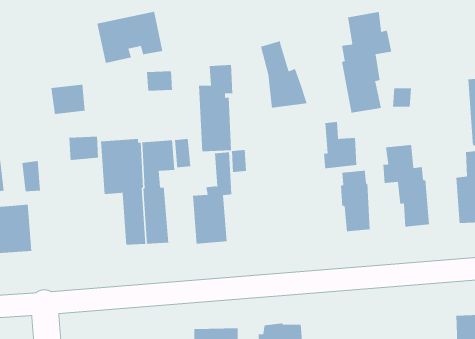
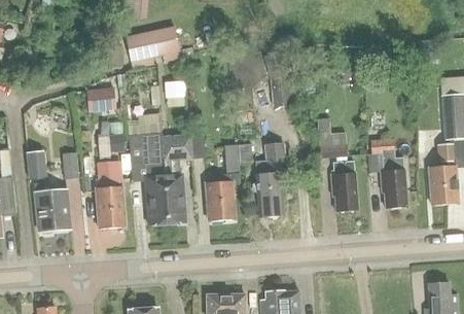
building: [341,11,392,114] -> none
building: [198,65,233,152] -> [255,143,285,217]
building: none -> [96,163,126,229]

